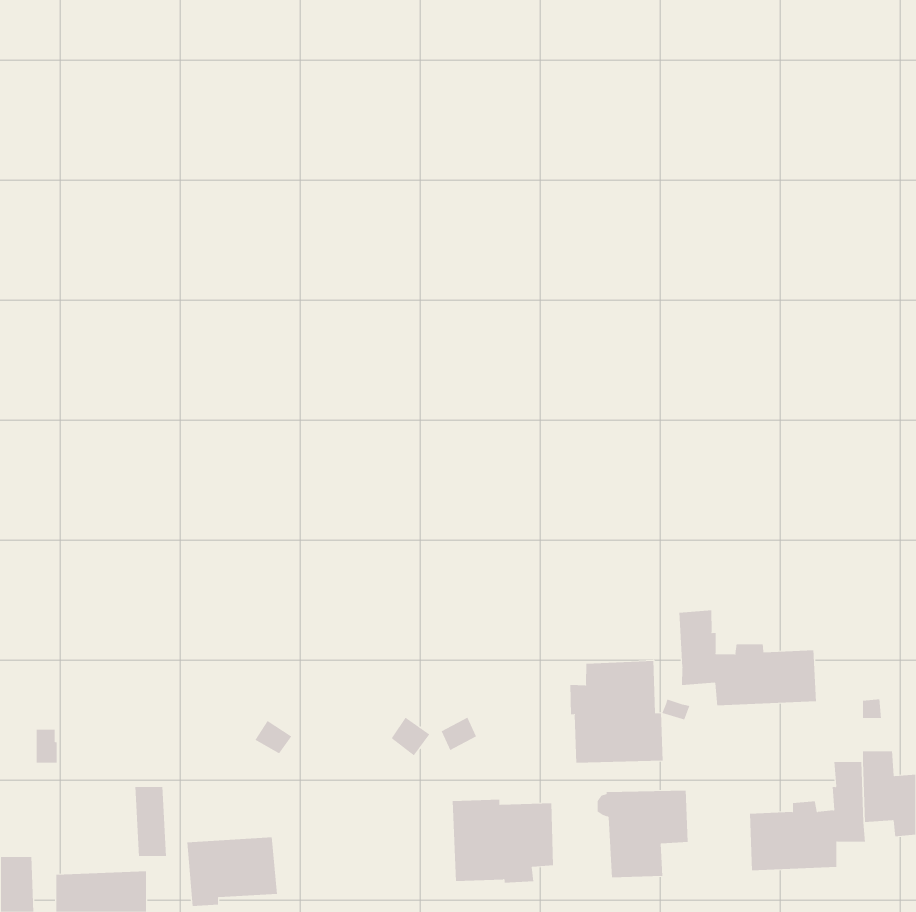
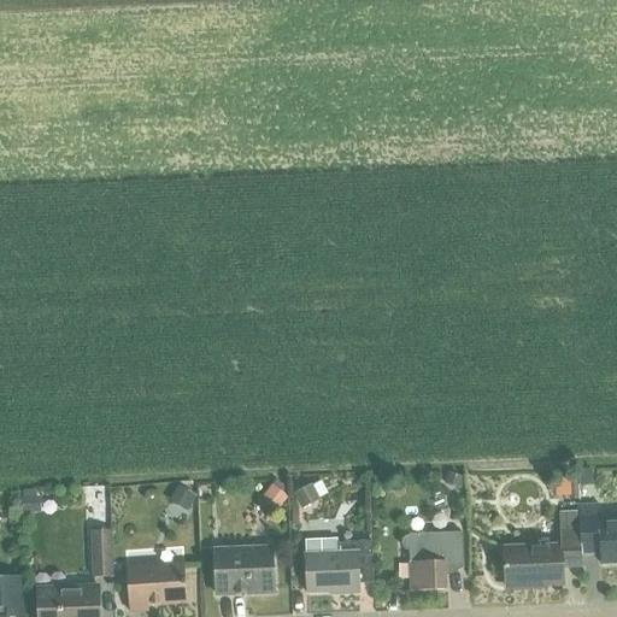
building: [679,610,817,706] -> none
building: [570,660,663,764] -> none
building: none -> [215,548,272,593]

